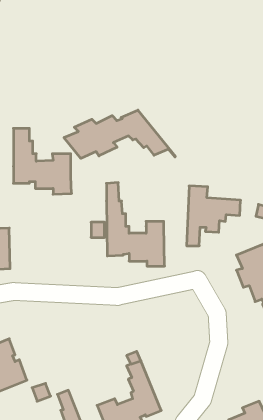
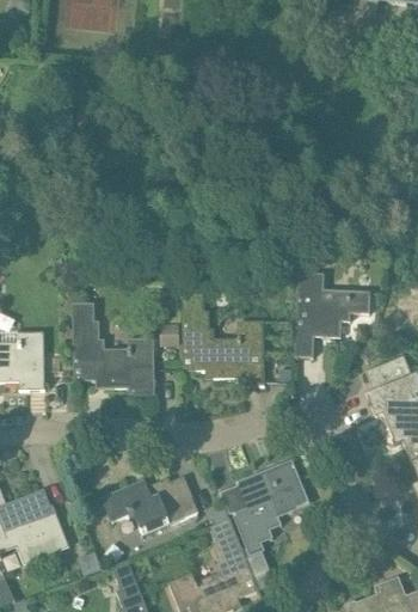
building: [64,110,175,158] -> none
building: [13,128,72,194] -> [72,302,154,396]
building: none -> [230,459,308,556]
building: none -> [102,476,196,532]

